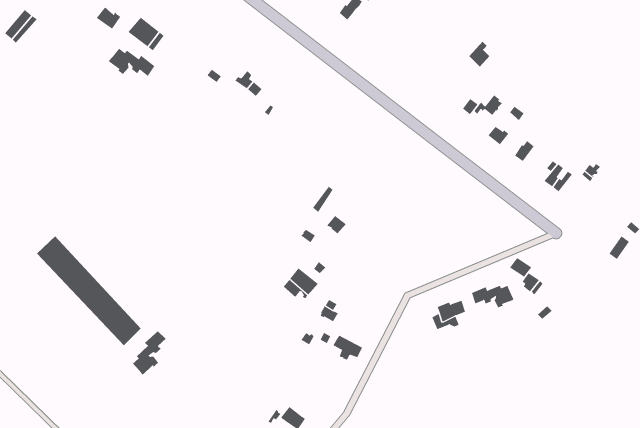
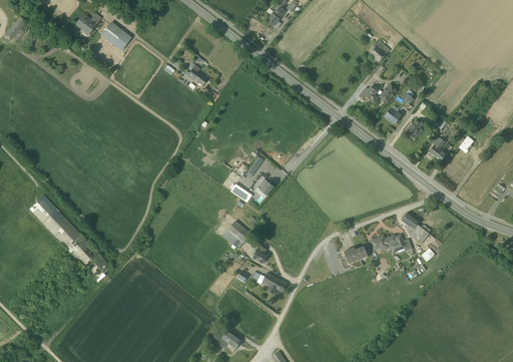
building: [108,48,155,77] -> none
building: [132,331,167,375] -> none

